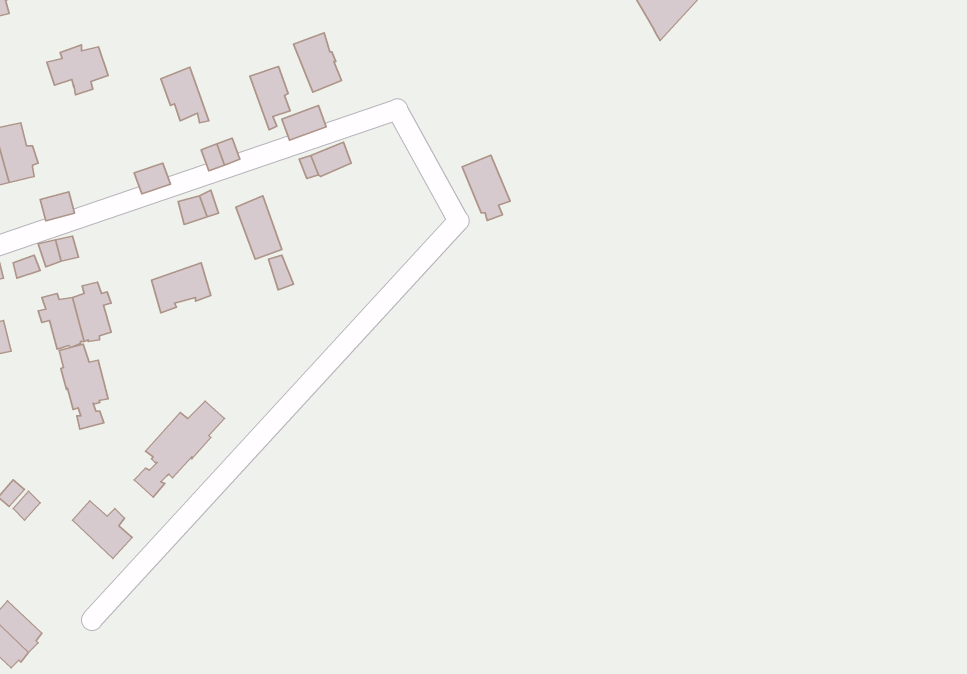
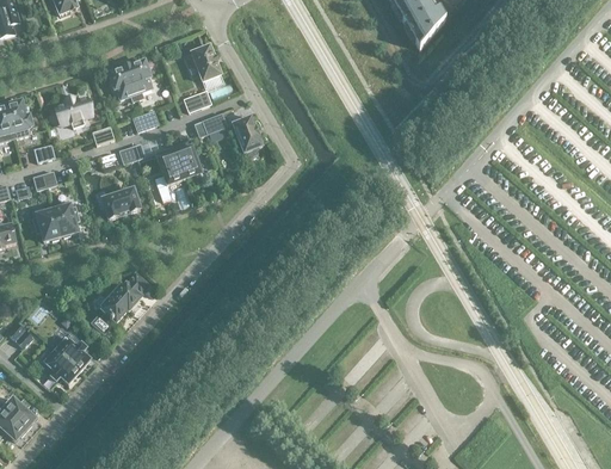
building: [47,45,108,95] -> [54,95,92,126]
building: [250,67,290,130] -> [125,60,150,99]
building: [462,155,510,220] -> [232,116,261,156]
building: none -> [171,140,200,179]
building: [59,344,108,429] -> none
building: none -> [42,347,78,383]

